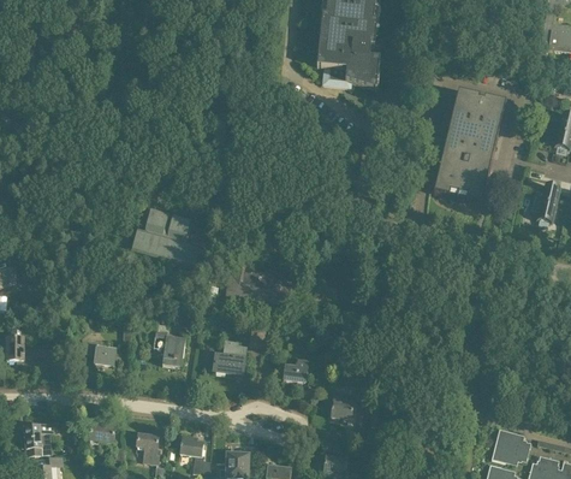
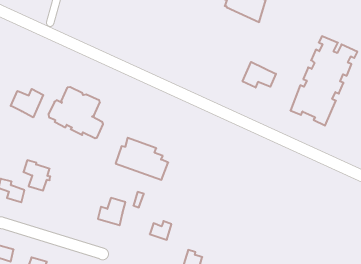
building: none -> [243,62,276,88]
building: none -> [11,89,43,117]
building: [153,331,188,366] -> [23,160,50,191]

